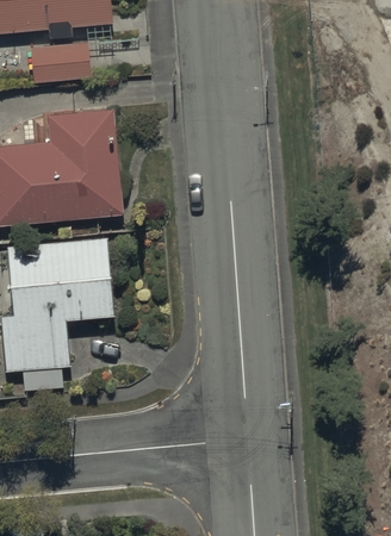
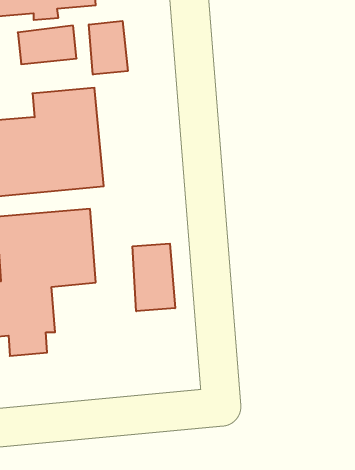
building: none -> [89,21,128,75]
building: none -> [133,244,175,311]

